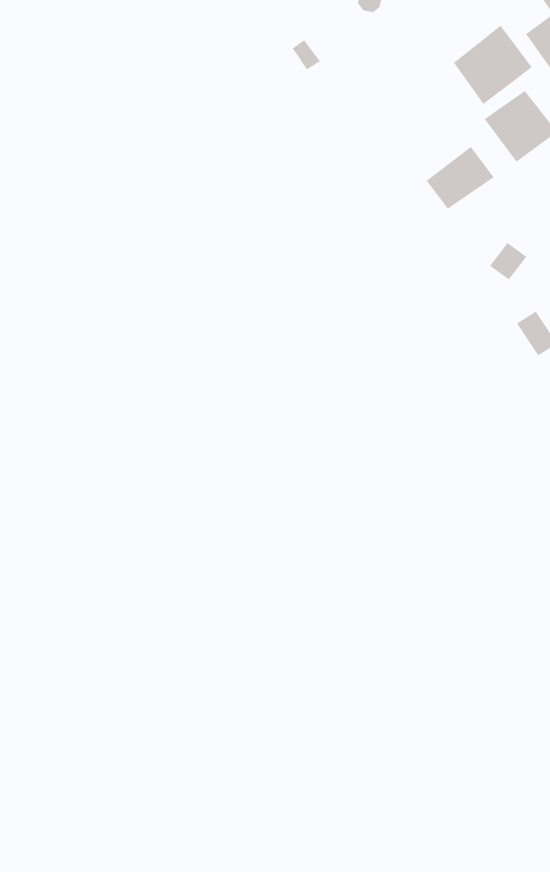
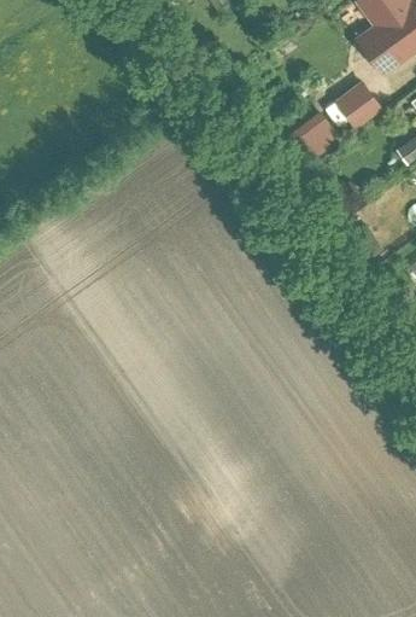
building: [453,25,533,105] -> none

